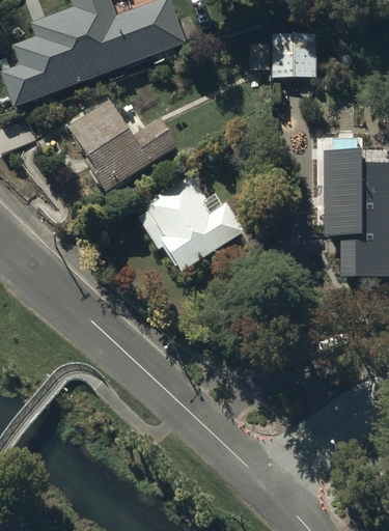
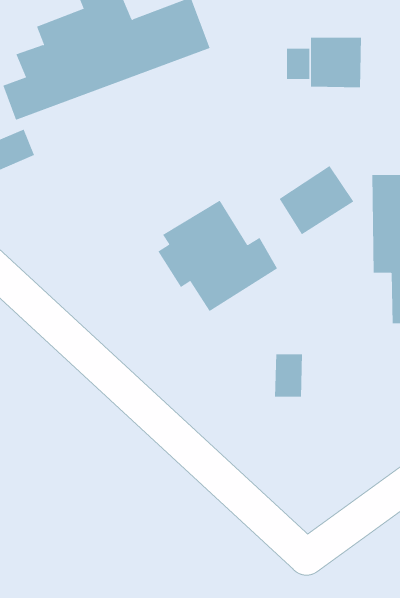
building: [66,100,177,190] -> none
building: none -> [279,165,354,235]

